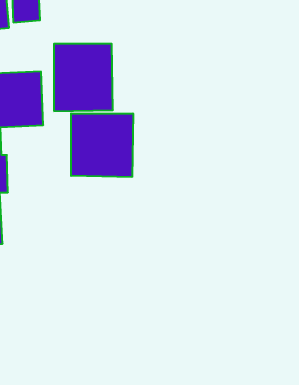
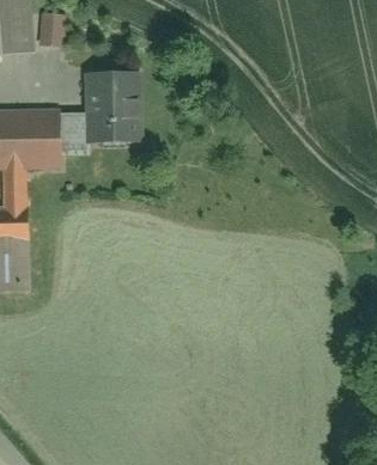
building: [71,113,133,177] -> none

